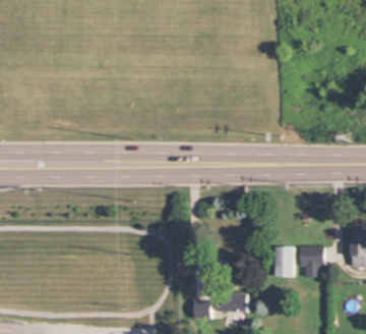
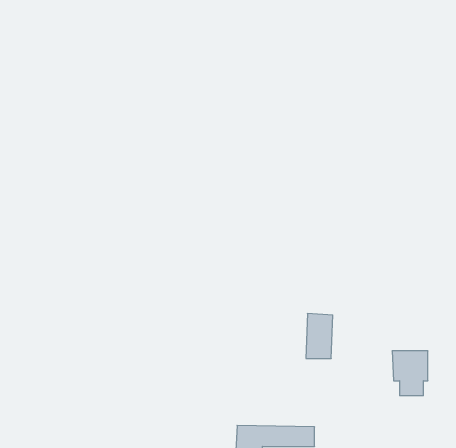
building: [274,246,293,277] -> [306,314,333,358]

